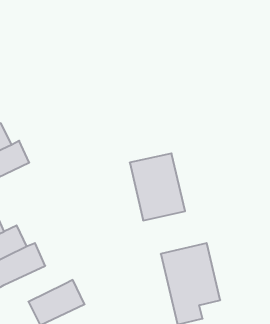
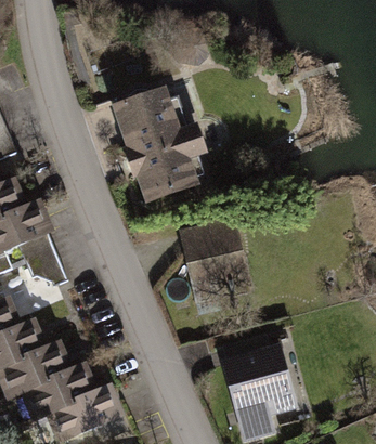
building: none -> [111,80,198,201]
building: none -> [17,358,95,418]

